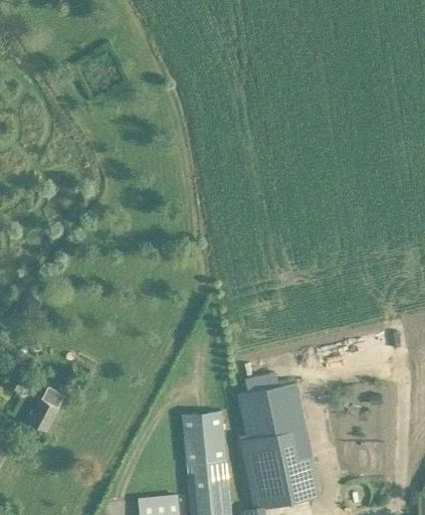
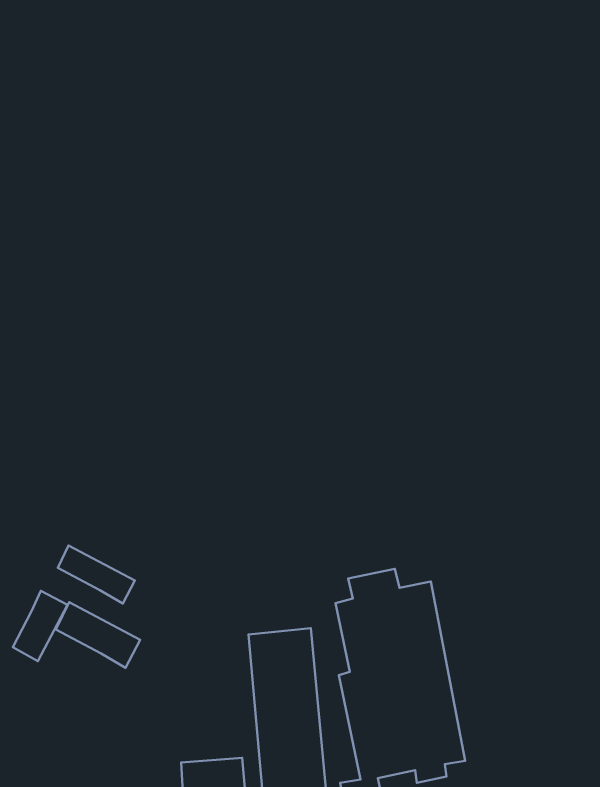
building: none -> [58,545,135,604]
building: none -> [56,602,140,668]

